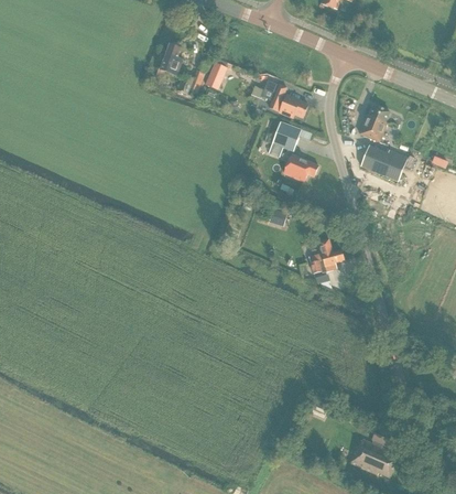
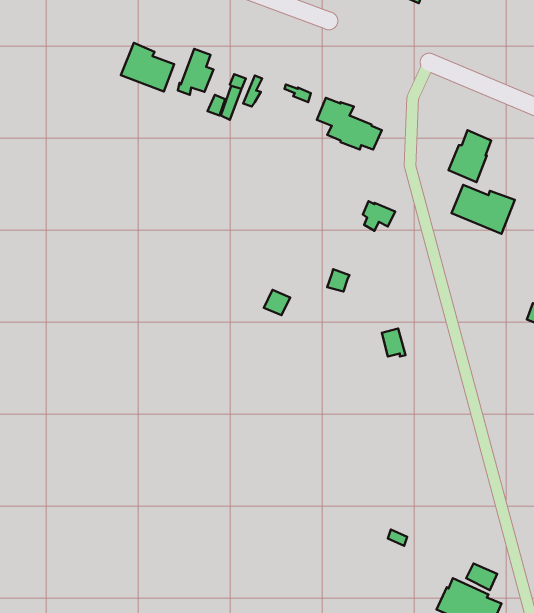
building: none -> [121,43,174,91]
building: [272,122,301,150] -> none
building: [317,237,343,271] -> none

